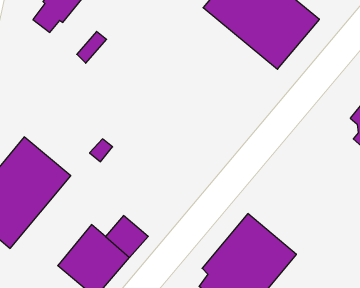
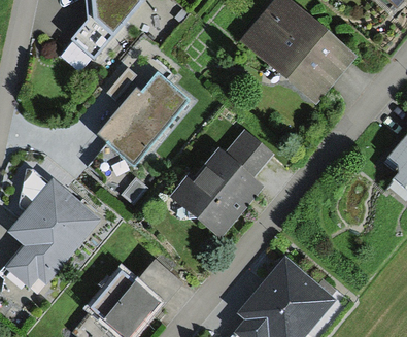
building: none -> [97,73,189,165]
building: none -> [169,126,276,238]

